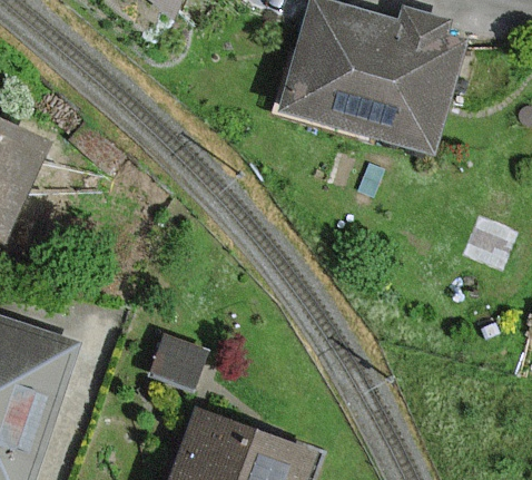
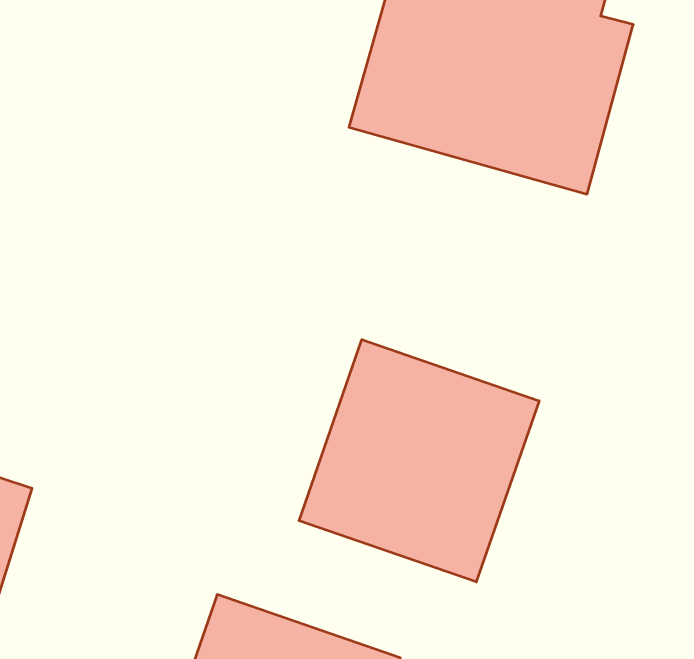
building: none -> [299,340,539,582]

